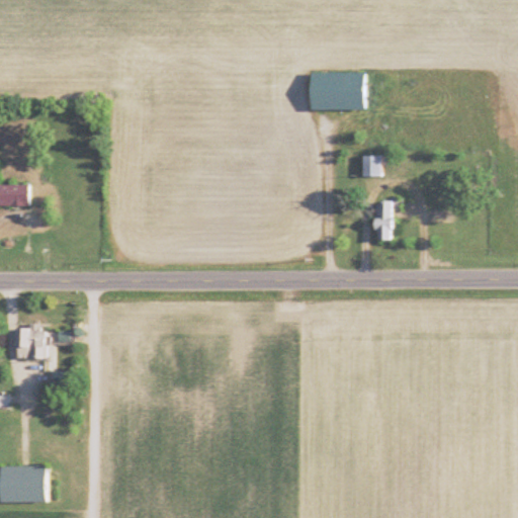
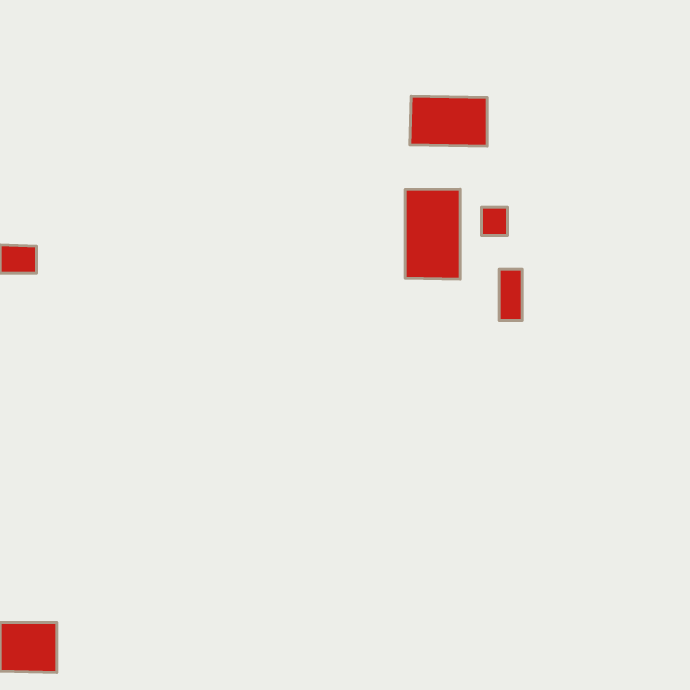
building: none -> [405,189,460,279]
building: [14,326,48,357] -> none

